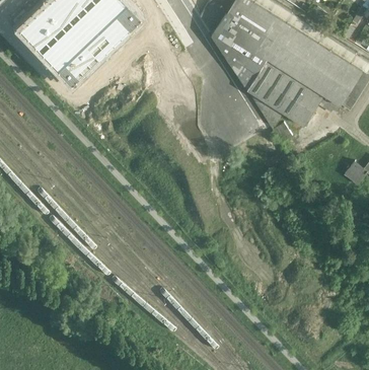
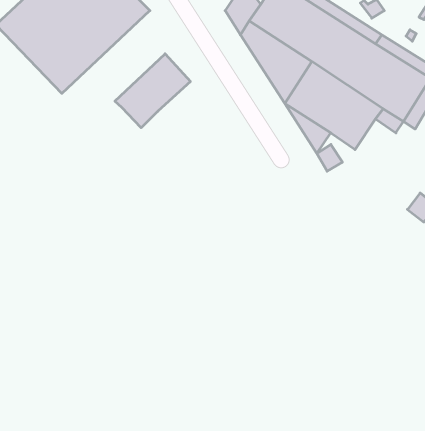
building: none -> [115,54,190,128]

